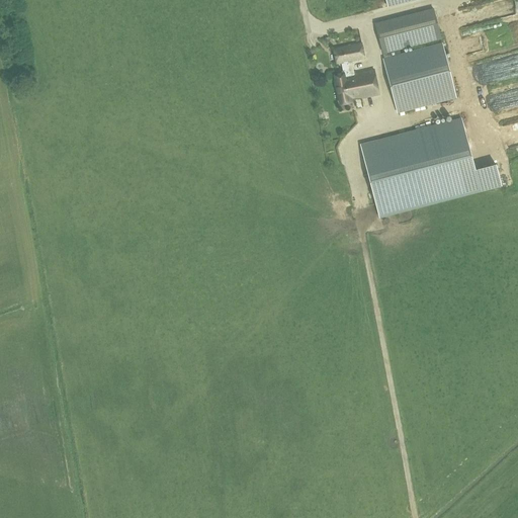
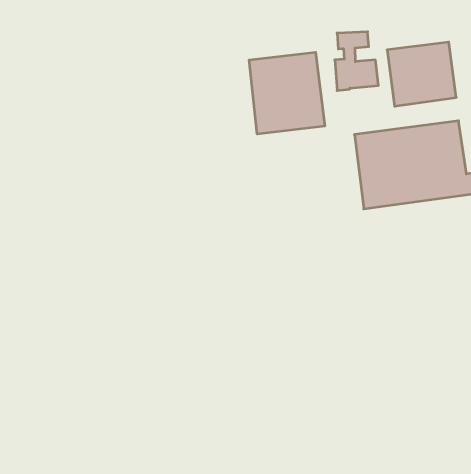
building: [374,8,440,53] -> none
building: none -> [249,52,325,134]

